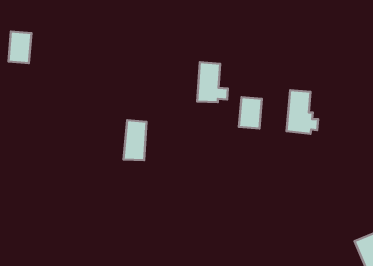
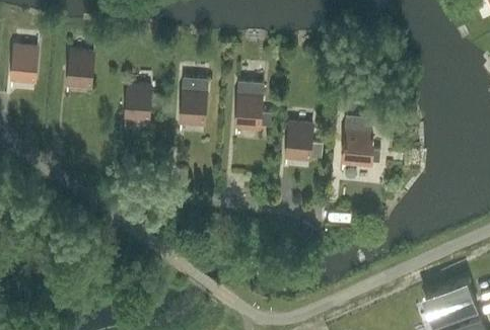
building: none -> [66,51,94,89]
building: none -> [125,85,151,122]
building: [124,120,147,160] -> [180,78,207,126]

